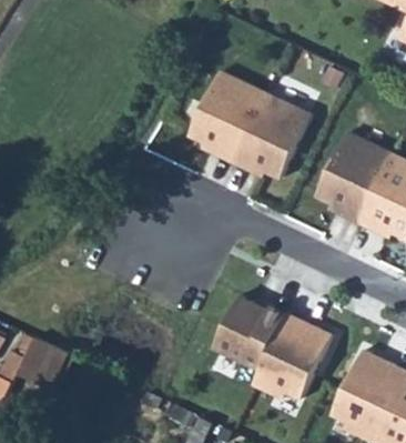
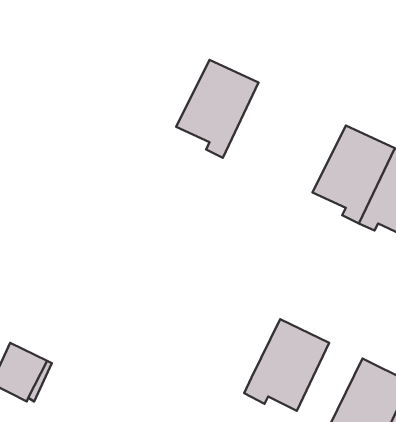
building: [232,92,309,178] -> none
building: [213,293,285,366] -> none

